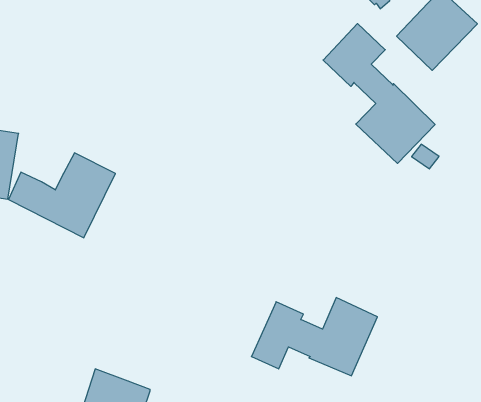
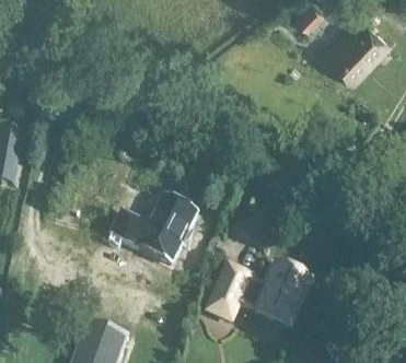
building: [323,24,435,163] -> none
building: [9,153,115,238] -> [111,196,196,264]

